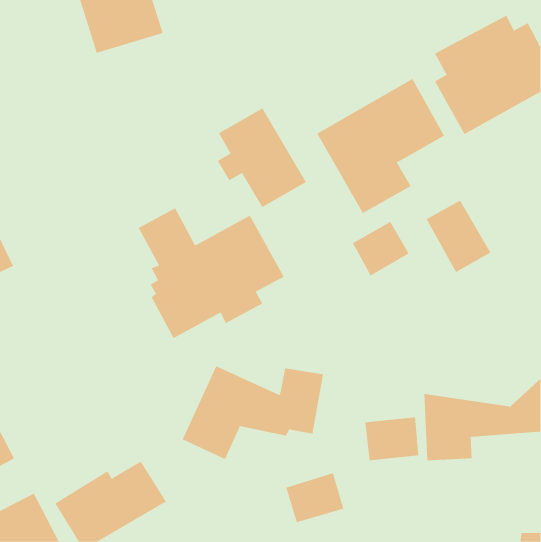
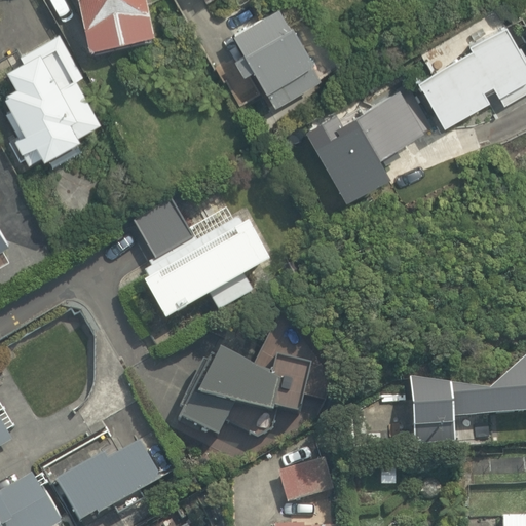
building: none -> [6,29,102,164]
building: [217,107,307,208] -> [234,7,321,104]
building: [426,200,491,273] -> none
building: [352,221,410,276] -> none

